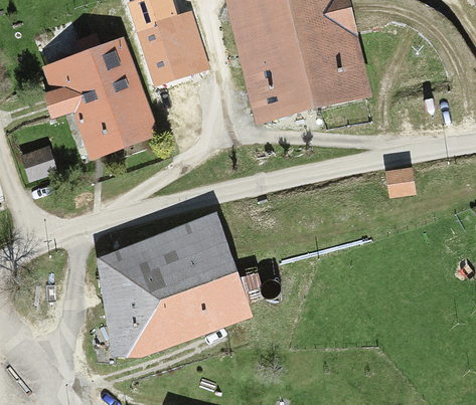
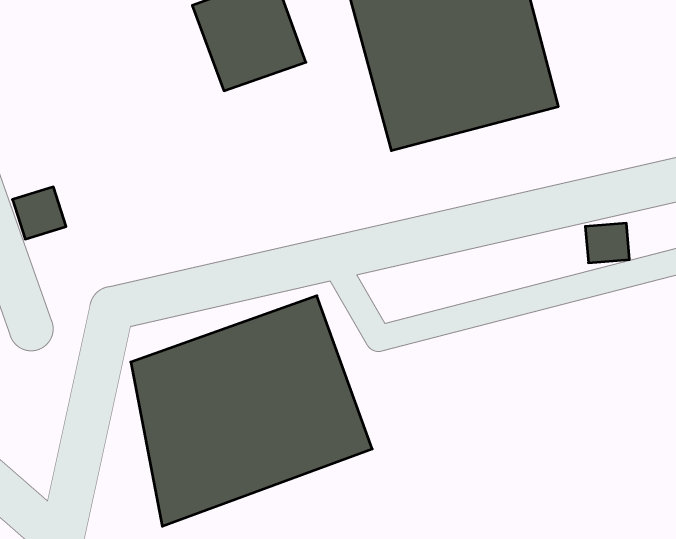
building: [42,40,153,160] -> none

